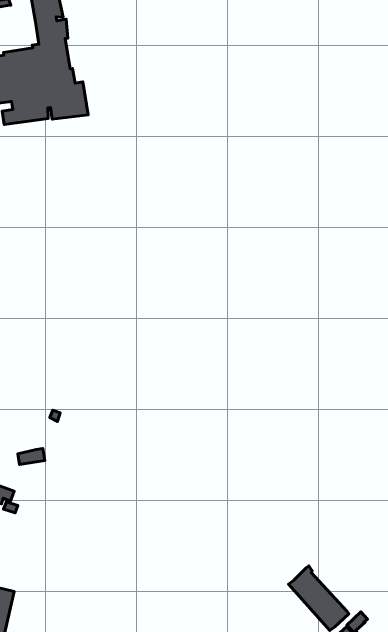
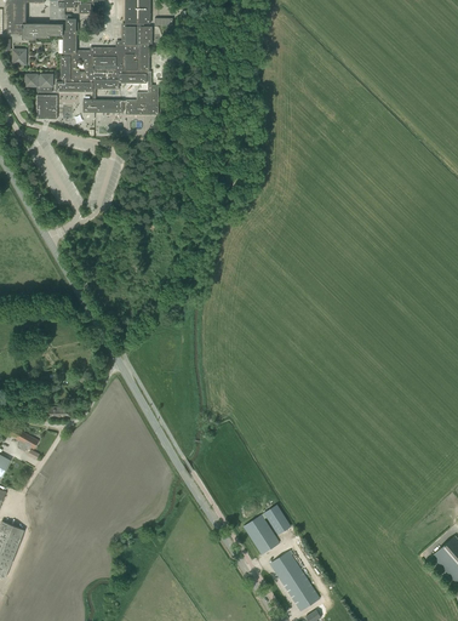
building: none -> [244,505,291,554]

